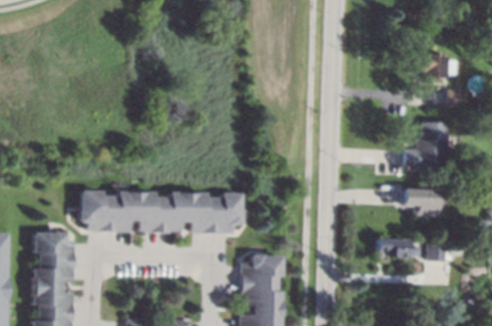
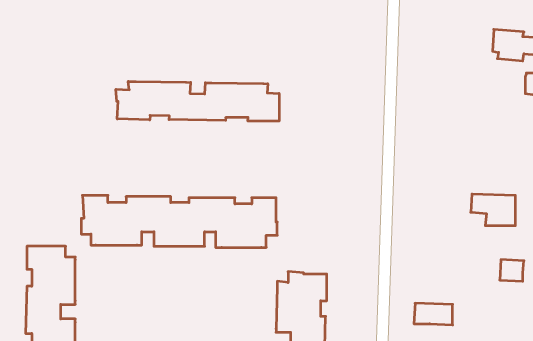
building: none -> [116,81,279,121]
building: [403,121,446,166] -> none
building: [374,238,406,256] -> [414,303,453,325]

